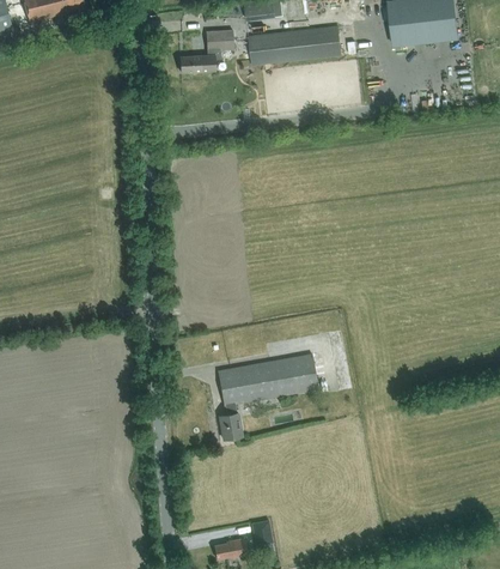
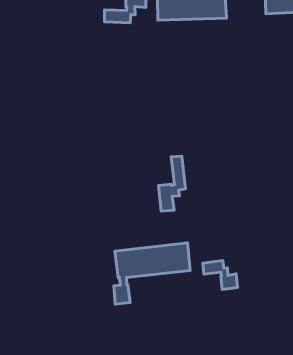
building: none -> [158,156,186,211]
building: none -> [203,261,238,289]

